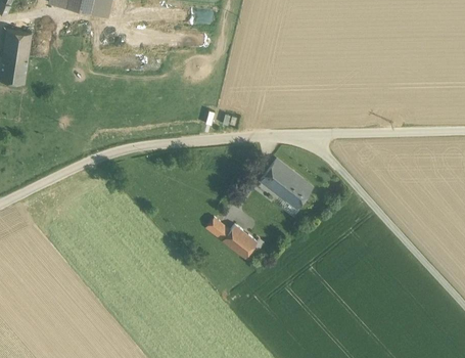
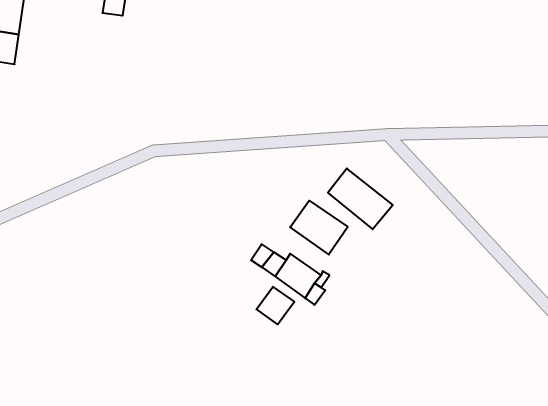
building: none -> [290,201,348,255]
building: none -> [256,287,294,324]

